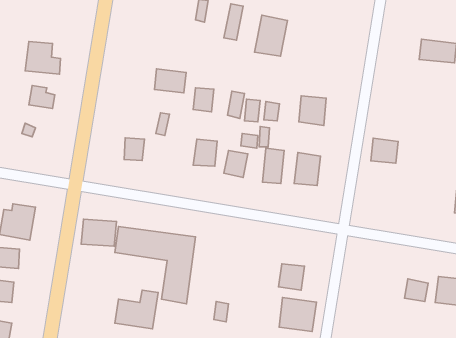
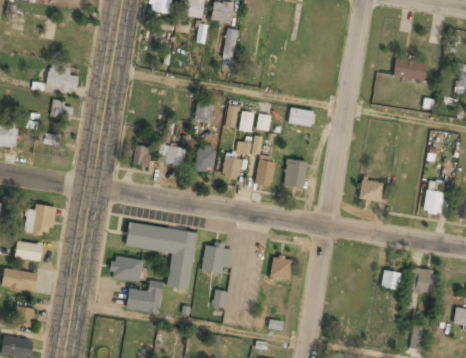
building: [254,15,287,56] -> none
building: [154,69,186,93] -> [158,145,186,166]
building: [371,138,398,163] -> [359,180,383,202]
building: [81,219,116,246] -> [111,257,142,281]
building: none -> [202,244,232,273]
building: [279,297,317,332] -> none

